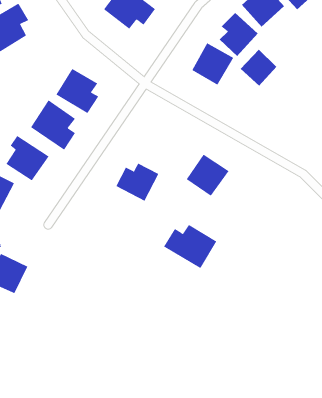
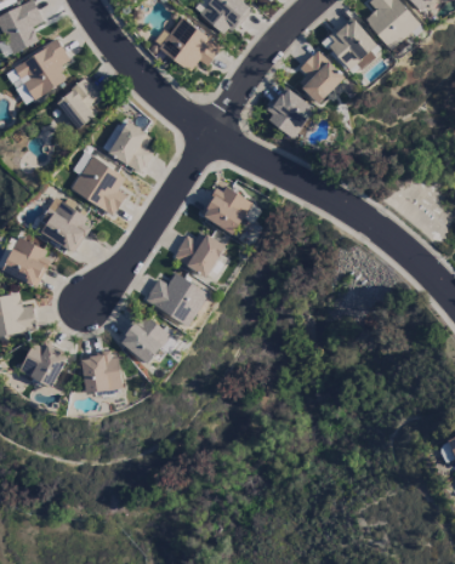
building: none -> [56,79,99,129]
building: [240,49,277,86] -> none
building: [186,154,229,196] -> [201,183,254,234]
building: [163,224,217,269] -> [144,273,209,326]
building: none -> [118,317,171,364]
building: none -> [80,349,121,393]

